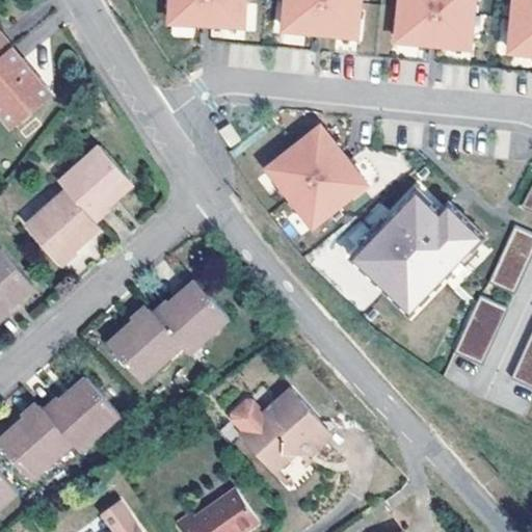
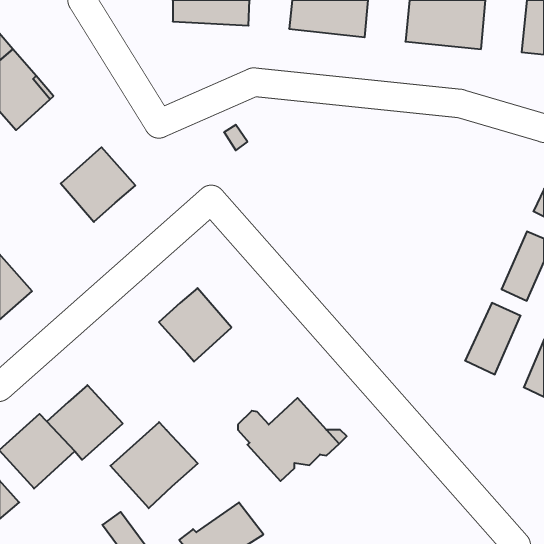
building: [266,127,365,227] -> none
building: [25,187,98,260] -> none
building: [349,190,483,315] -> none
building: [107,307,182,380] -> none
building: none -> [110,422,198,508]

